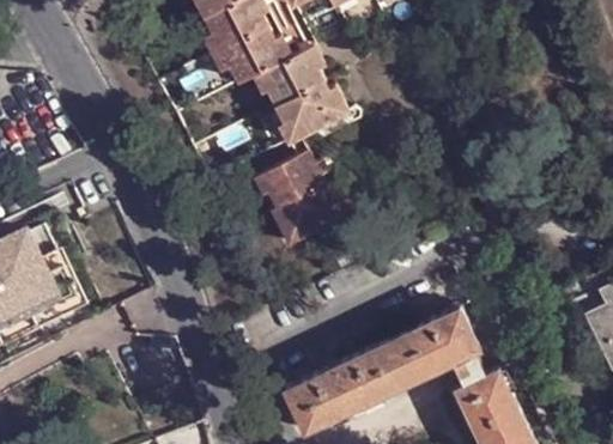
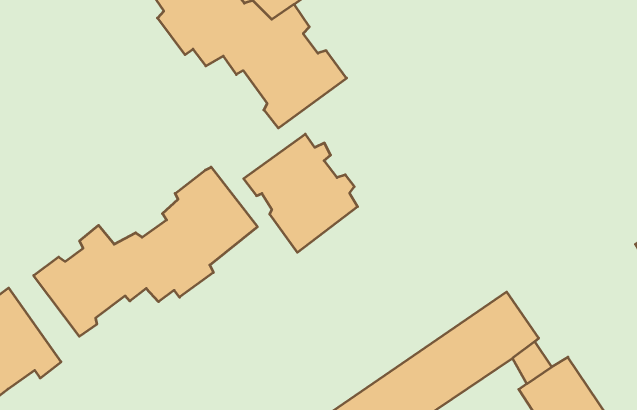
building: none -> [34,167,257,336]

